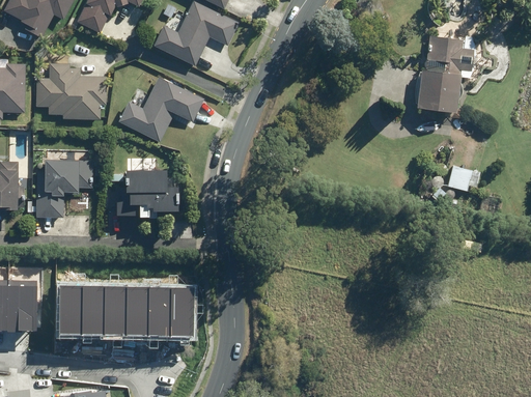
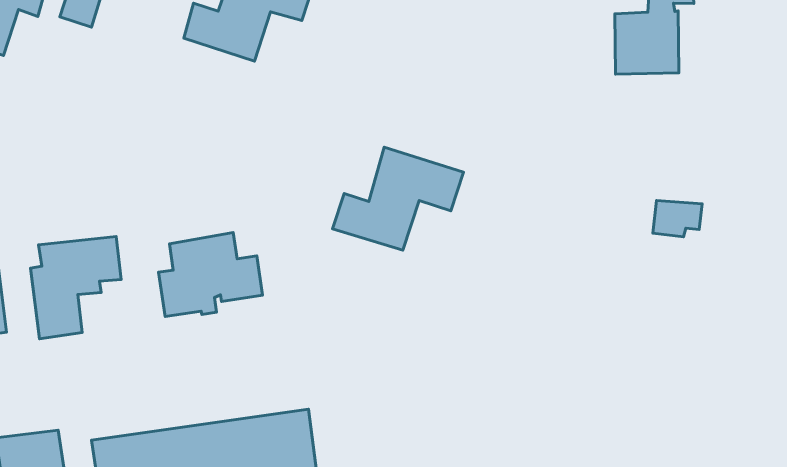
building: [43,70,106,113] -> none
building: [118,77,204,142] -> [333,147,463,250]
building: [448,166,481,191] -> [653,201,702,237]

